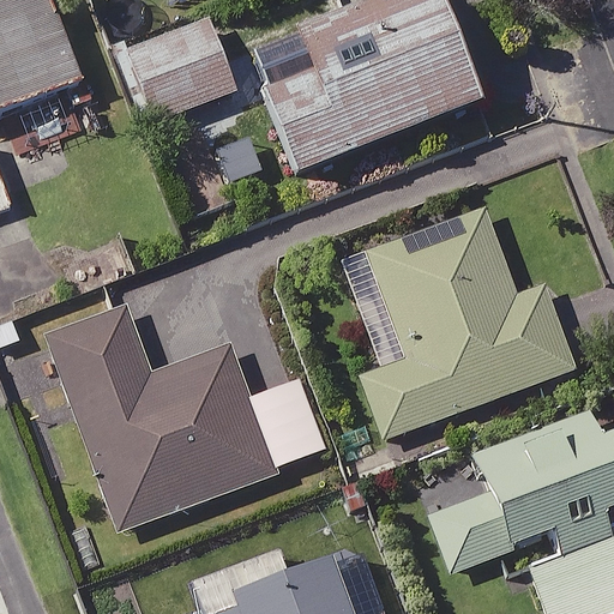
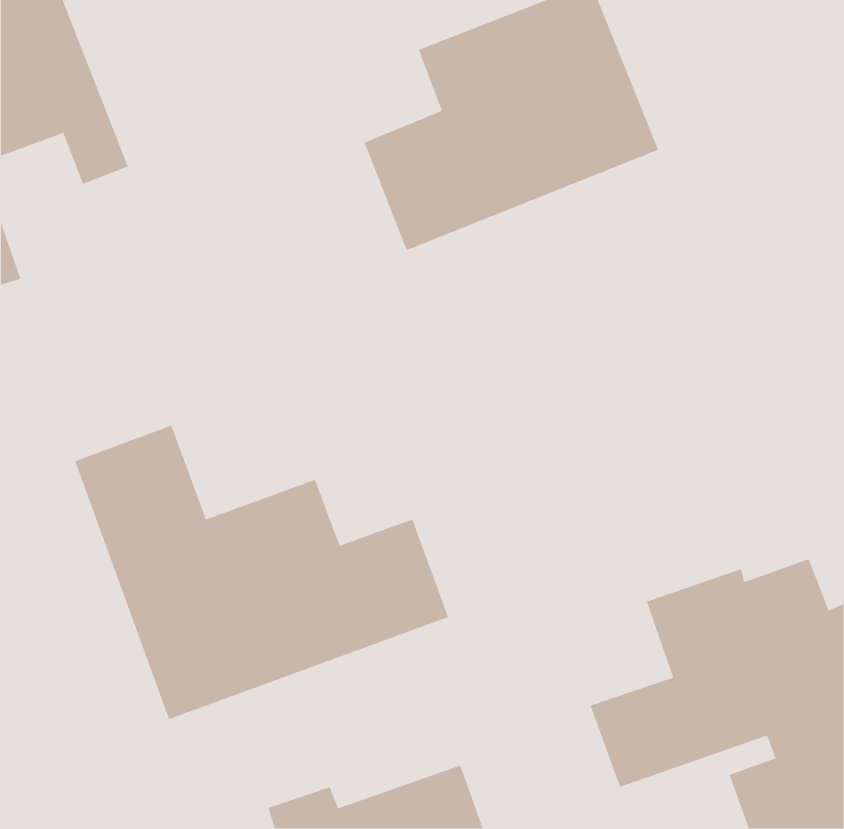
building: [120,17,236,124] -> none
building: [343,212,568,434] -> none

